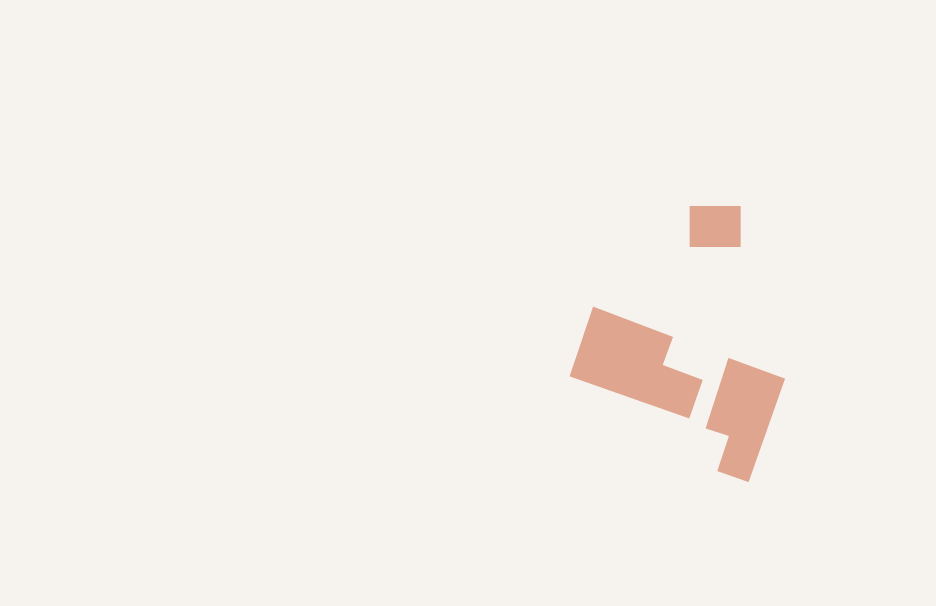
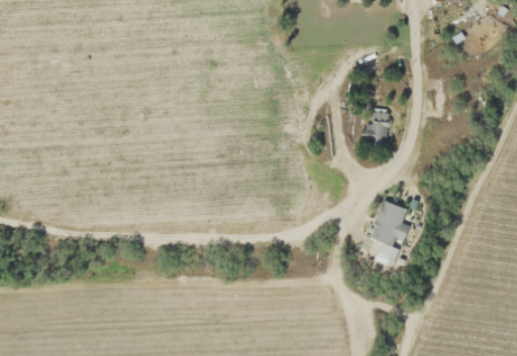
building: [568,305,704,420] -> none

